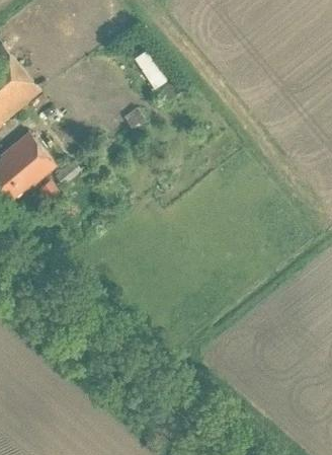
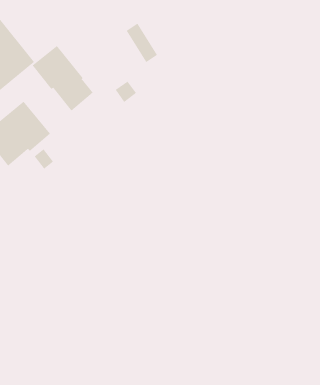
building: none -> [32,45,93,112]

